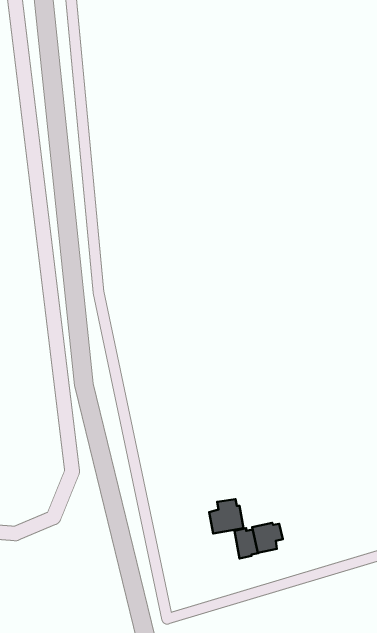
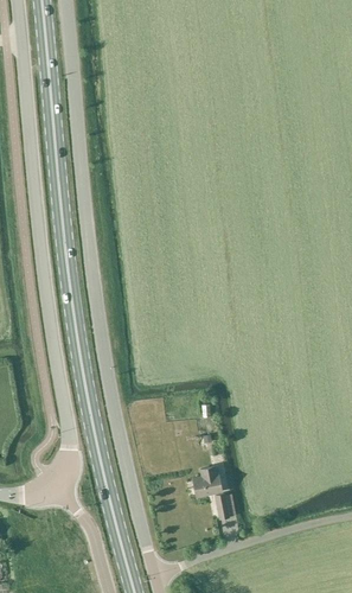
building: [252,523,283,553] -> none

